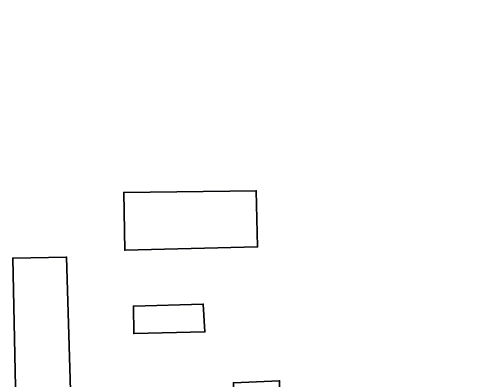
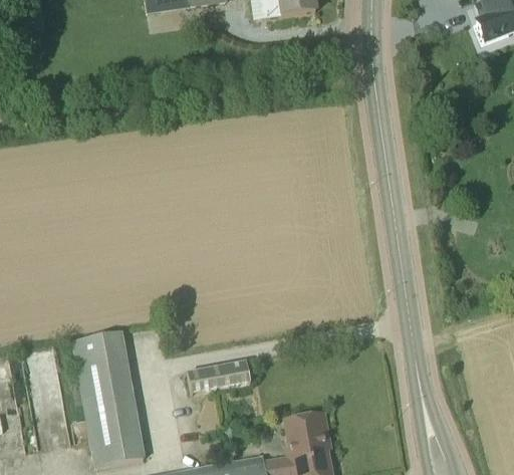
building: [124,191,258,250] -> none

